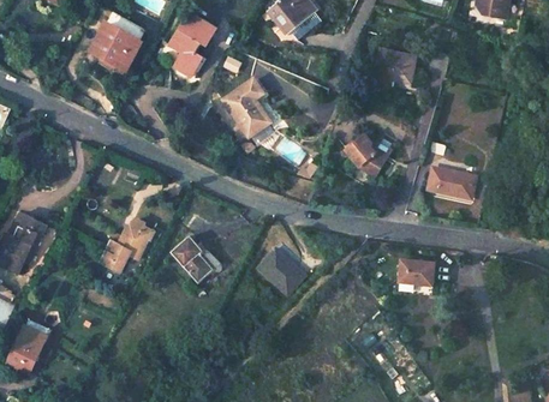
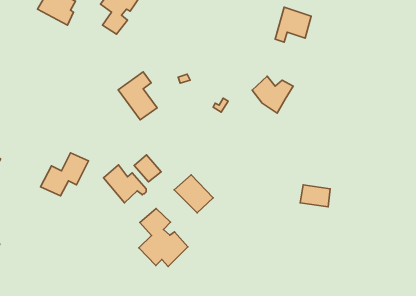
building: [223,76,270,133] -> [118,72,157,120]
building: [429,167,476,197] -> none
building: none -> [134,155,161,182]
building: none -> [139,208,188,267]

